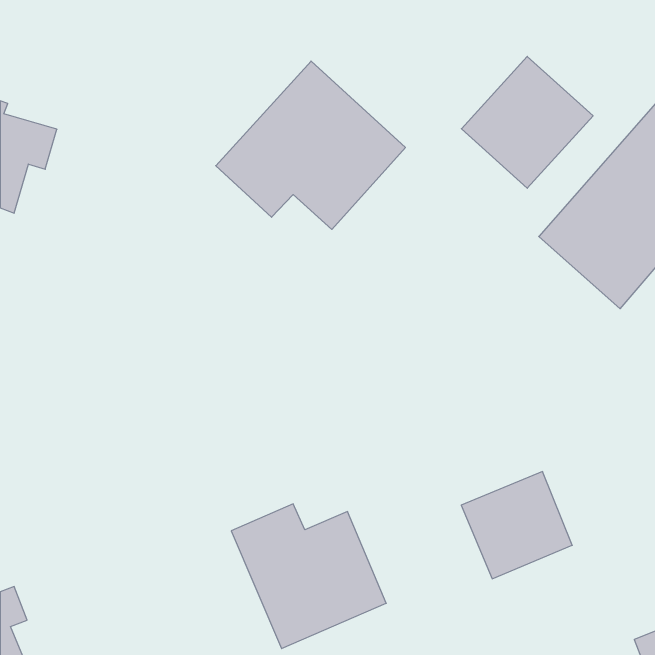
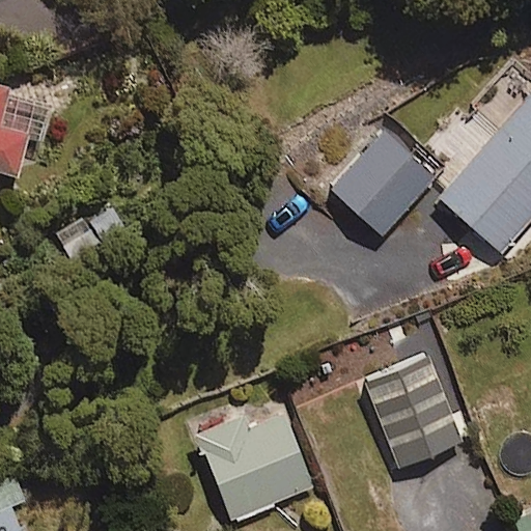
building: [461,56,593,188] -> [330,130,436,235]
building: [216,61,405,229] -> none

